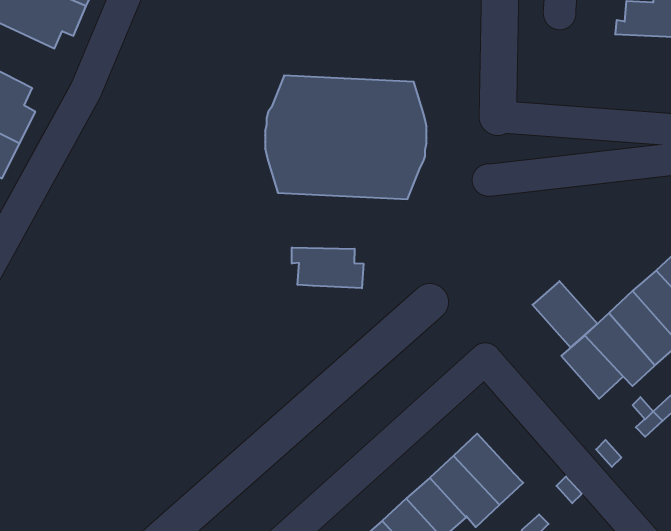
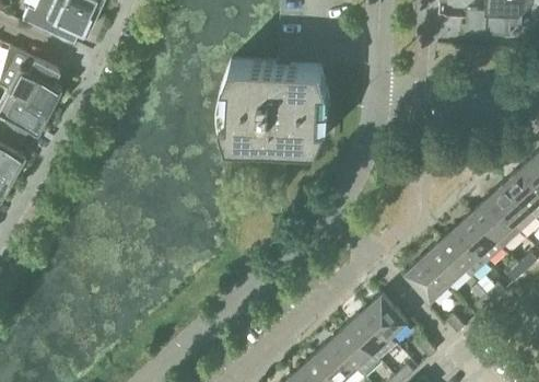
building: [292,247,363,288] -> none
building: [532,281,597,348] -> [405,256,449,302]
building: none -> [365,294,408,337]

